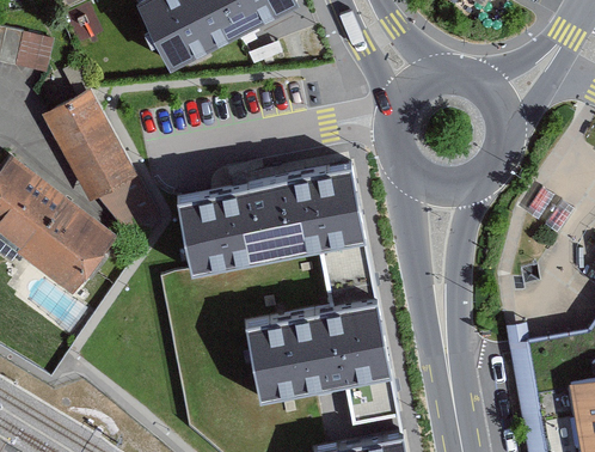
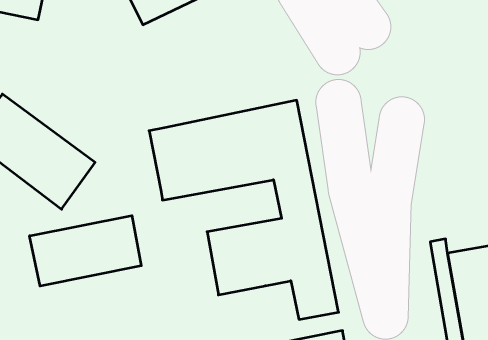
building: [39,88,157,230] -> none
building: none -> [30,216,141,286]

